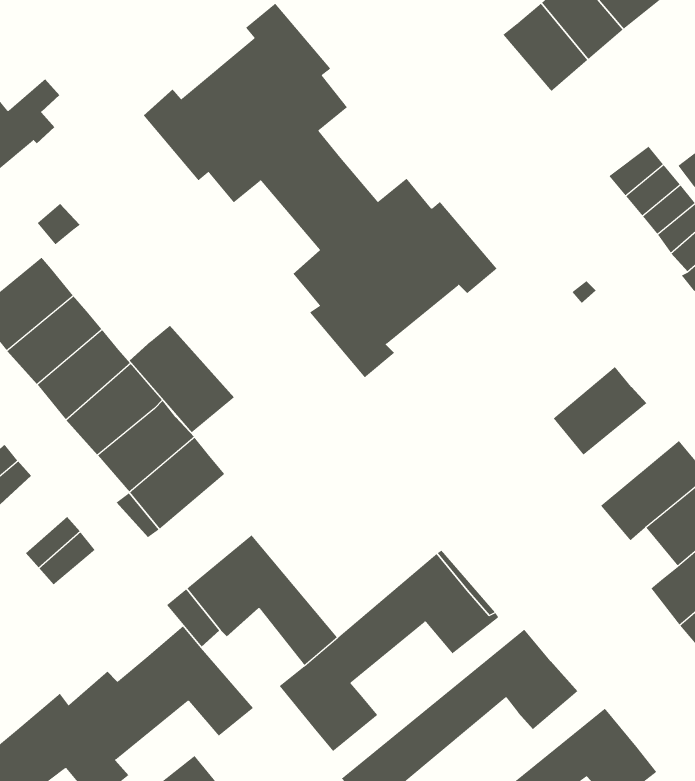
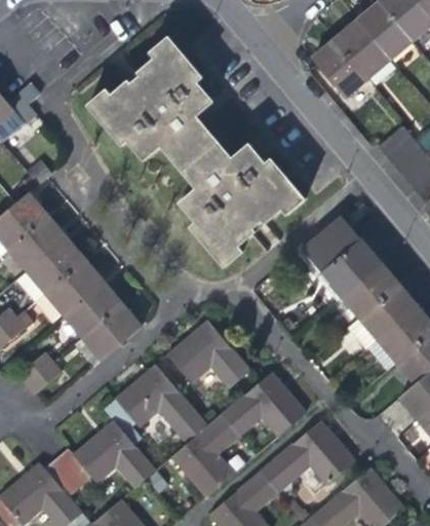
building: none -> [304,216,379,292]
building: [129,325,235,433] -> none
building: none -> [351,283,418,345]
building: none -> [168,320,252,387]

